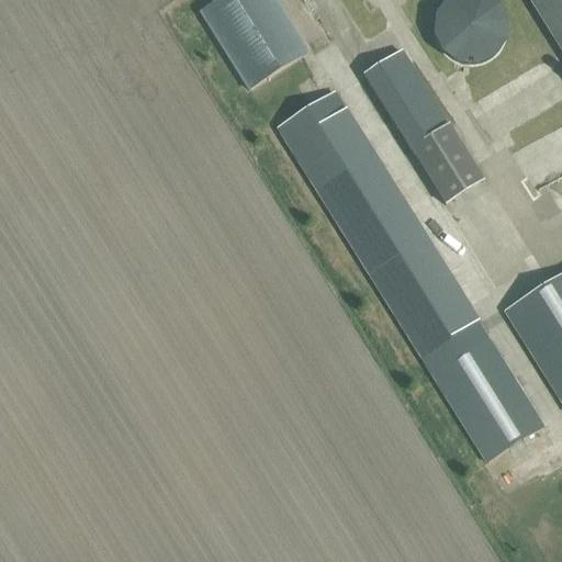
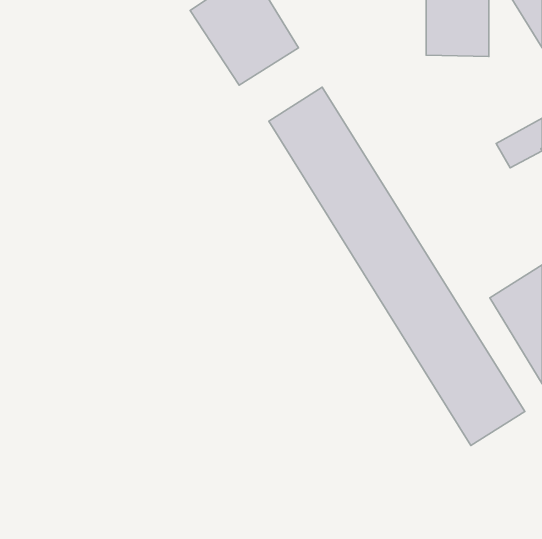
building: [368,45,484,204] -> none

